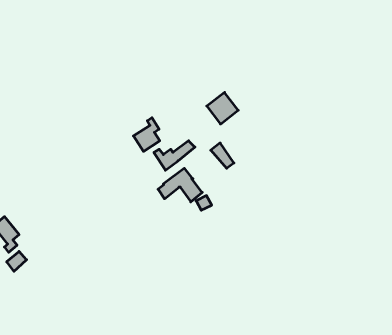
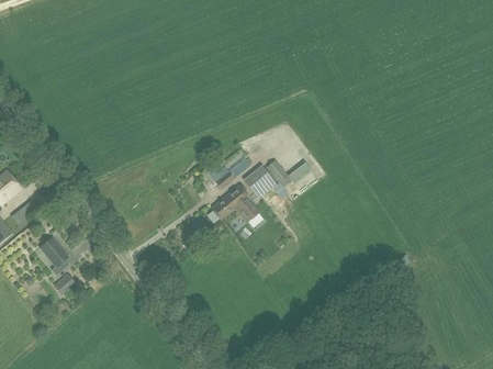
building: [207,92,238,124] -> [244,165,277,198]
building: [133,118,160,151] -> none

